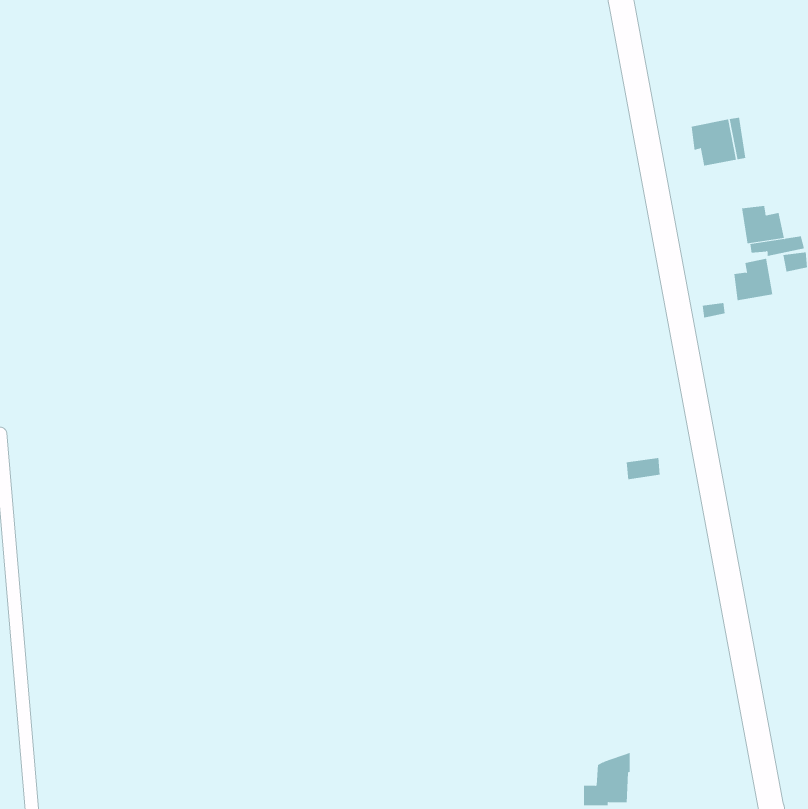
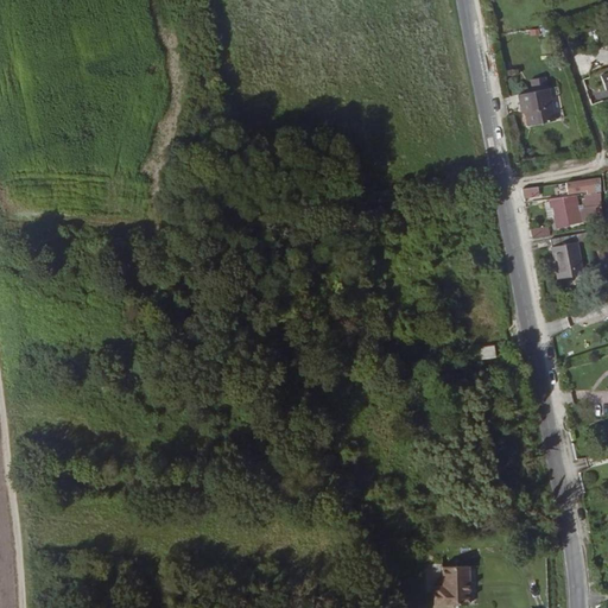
building: [742,205,784,244] -> none
building: none -> [546,233,583,280]

